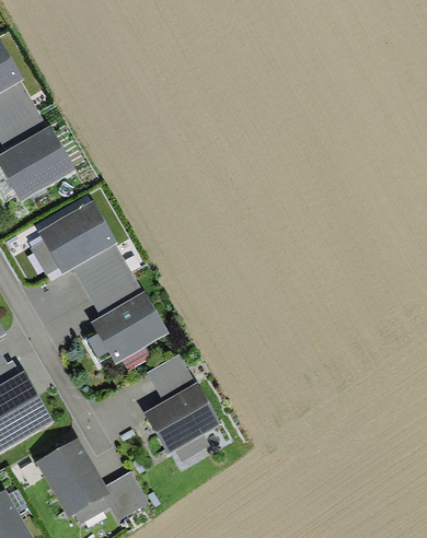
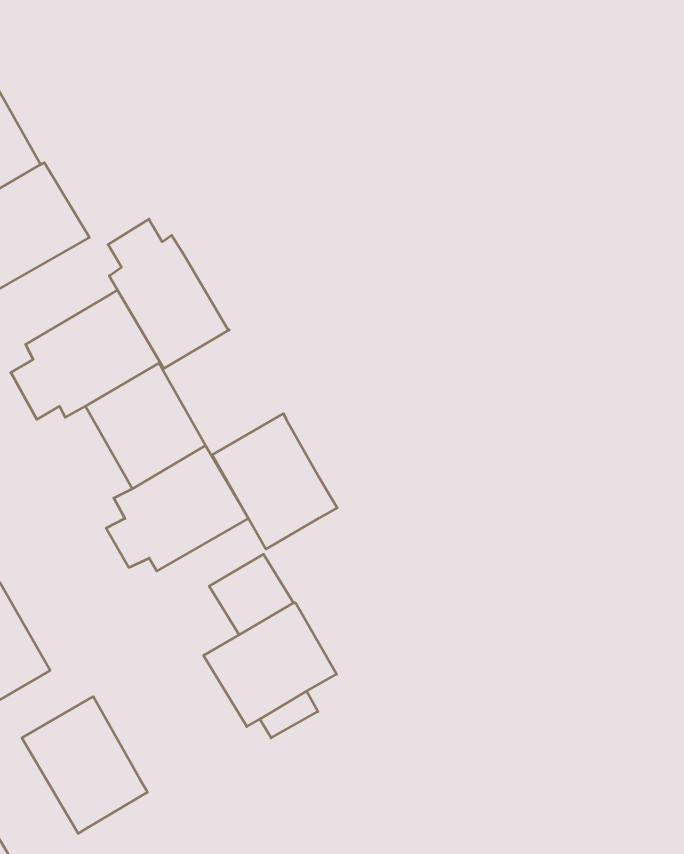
building: none -> [108,219,229,369]
building: none -> [212,414,337,549]
building: [74,471,149,524] -> none

